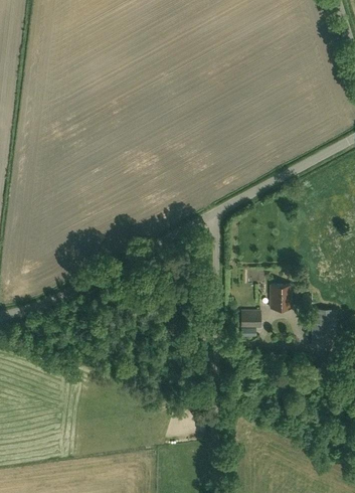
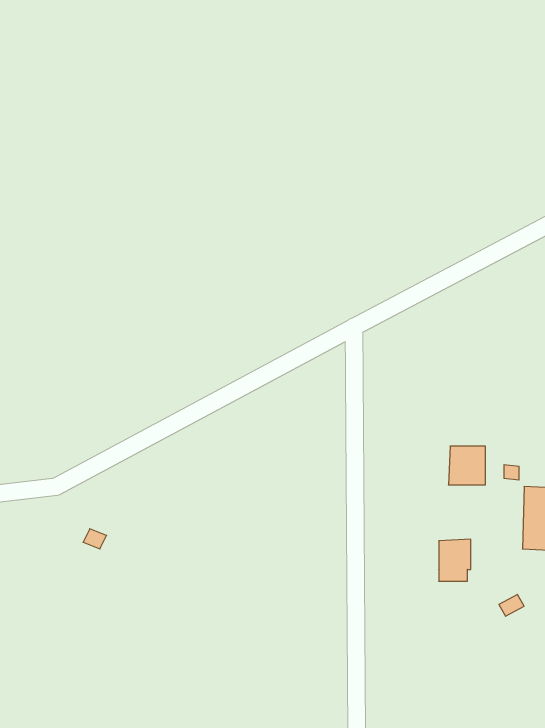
building: [240,310,259,335] -> [439,539,471,581]

